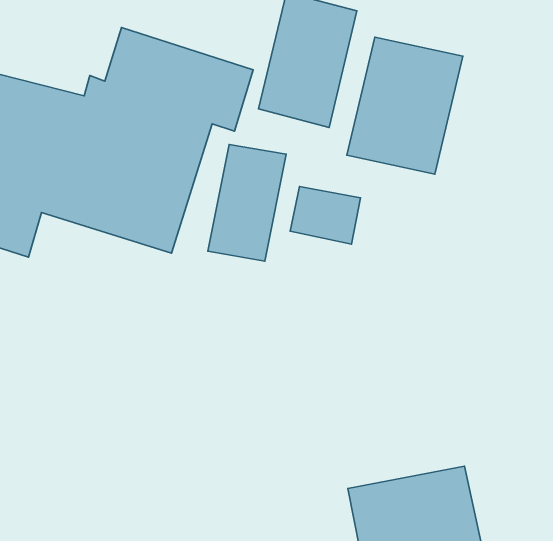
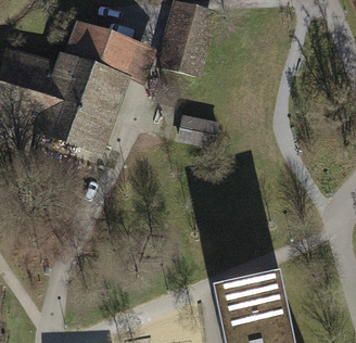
building: [347,37,463,174] -> none
building: [208,145,286,261] -> none

